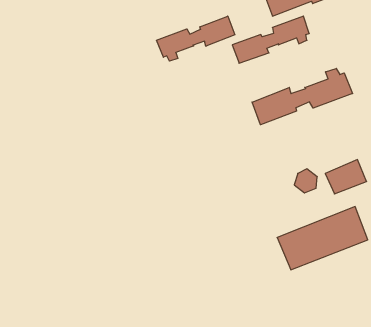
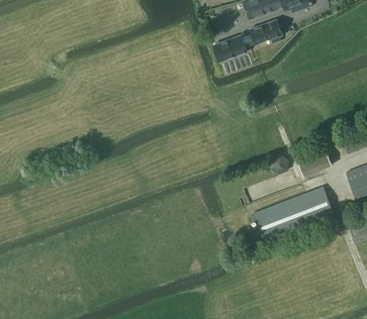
building: [156,16,235,61] -> none
building: [252,68,353,125] -> none

